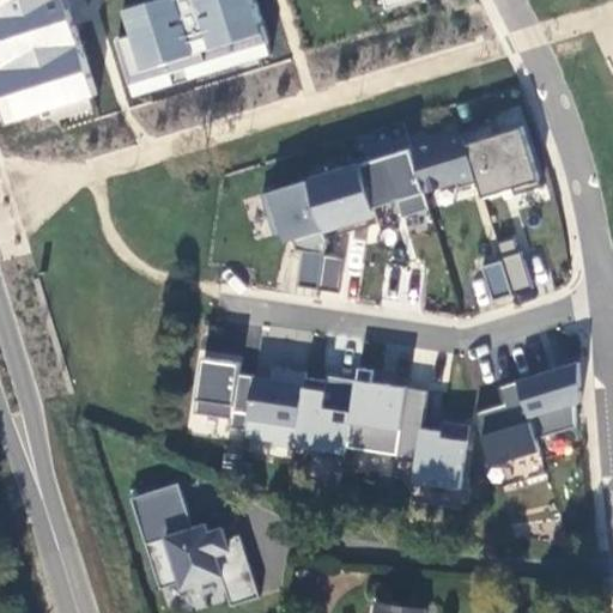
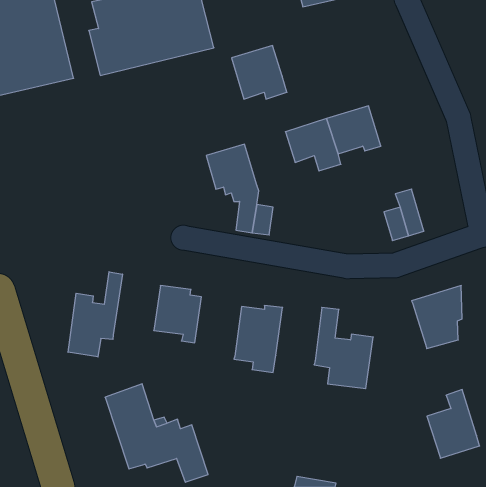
building: [462,123,541,198] -> none
building: [306,165,376,232] -> [232,46,287,99]
building: none -> [68,272,122,357]
building: [244,364,305,447] -> none
building: [346,368,405,453] -> none
building: [473,380,539,466] -> [427,390,480,458]

